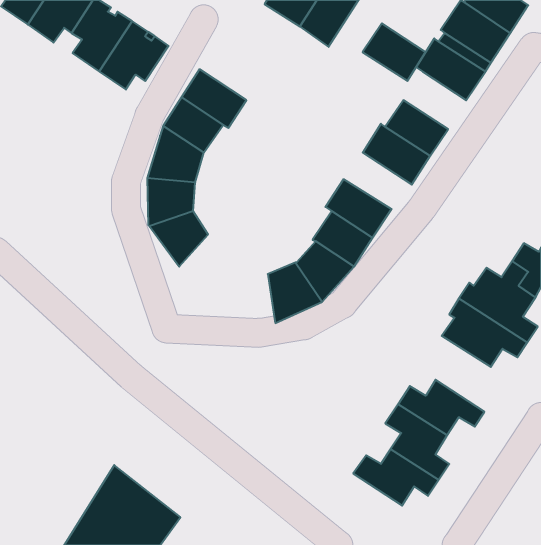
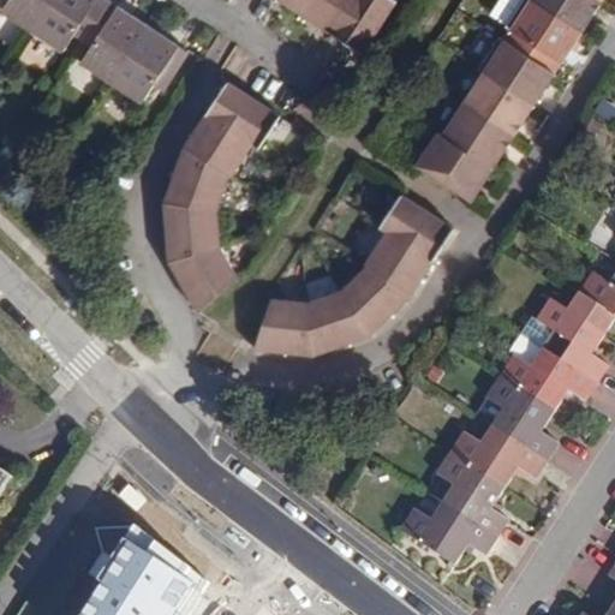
building: [363,23,426,81] -> [454,80,525,145]
building: none -> [253,309,310,364]
building: none -> [484,378,556,464]

